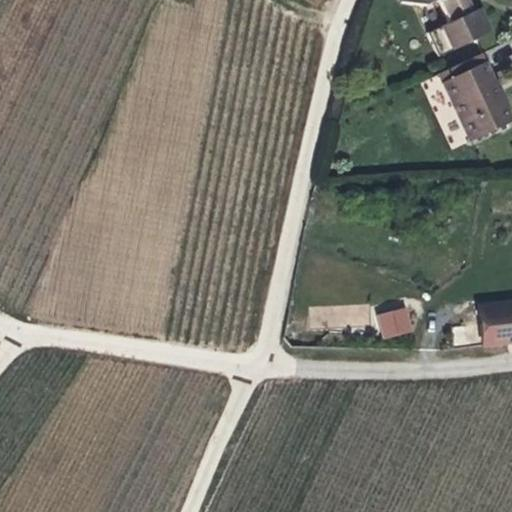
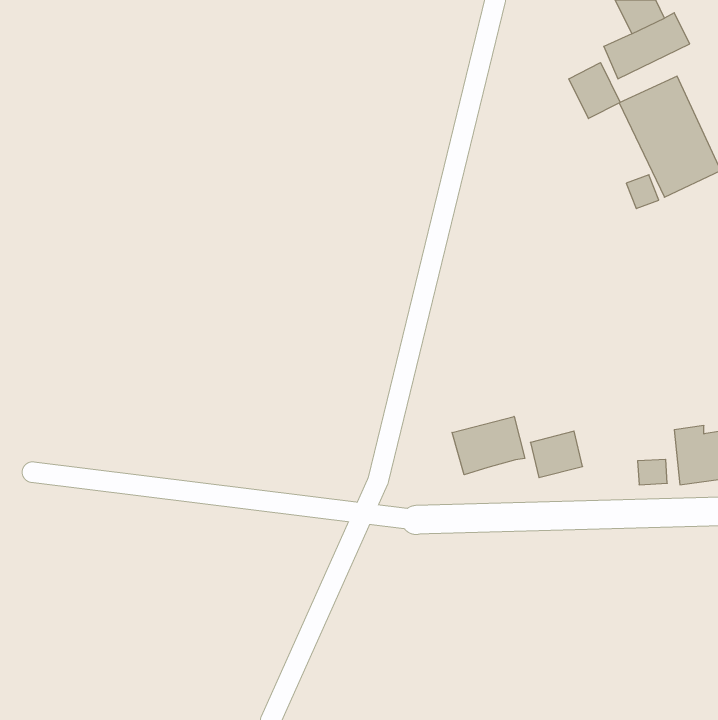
building: none -> [569,63,620,119]
building: none -> [452,416,525,475]

